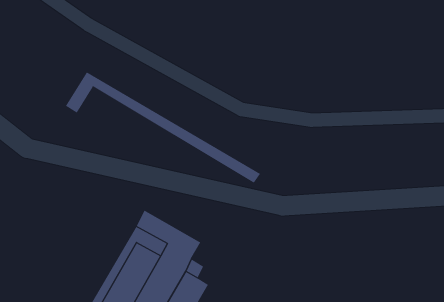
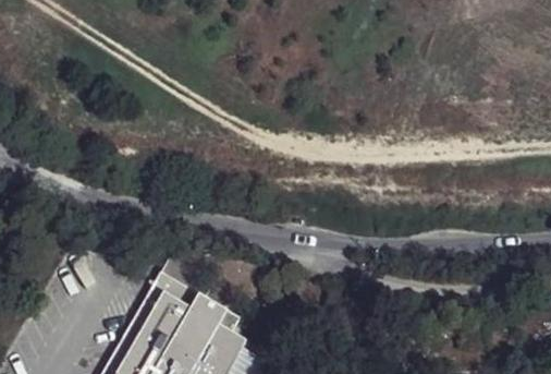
building: [65,71,261,184] -> none

